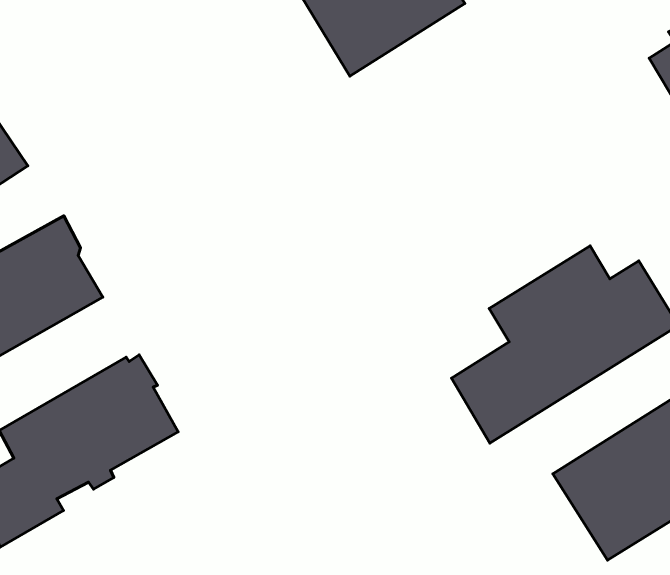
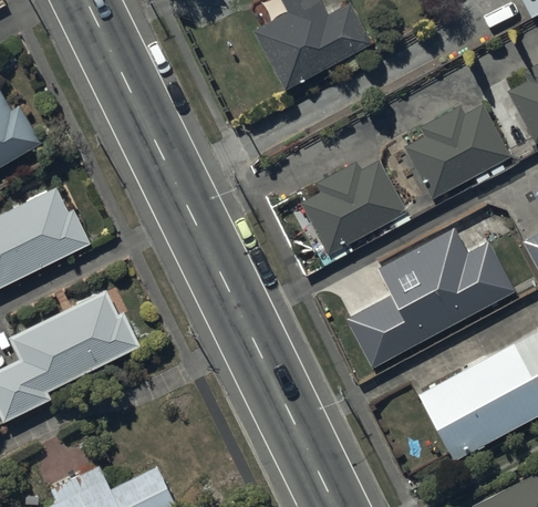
building: none -> [403,105,510,200]
building: none -> [300,159,406,255]

